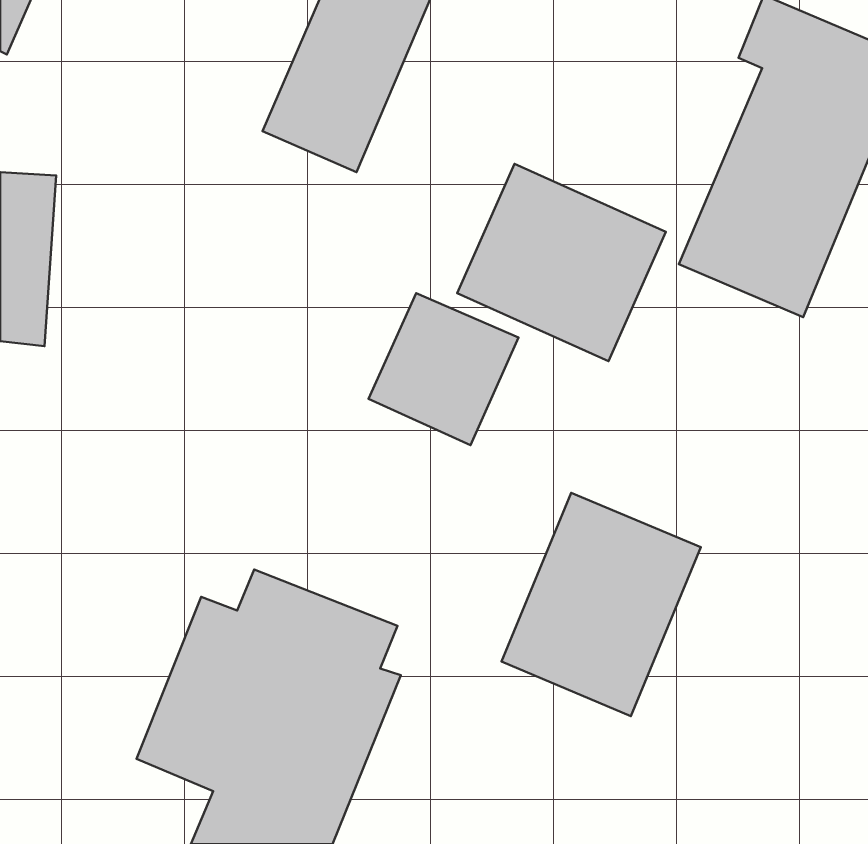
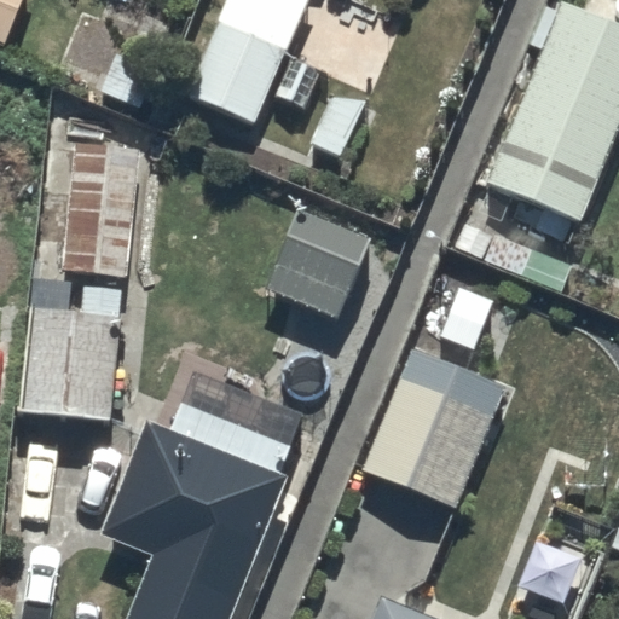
building: [457,164,666,361] -> none
building: none -> [65,141,141,272]
building: none -> [19,272,123,423]

